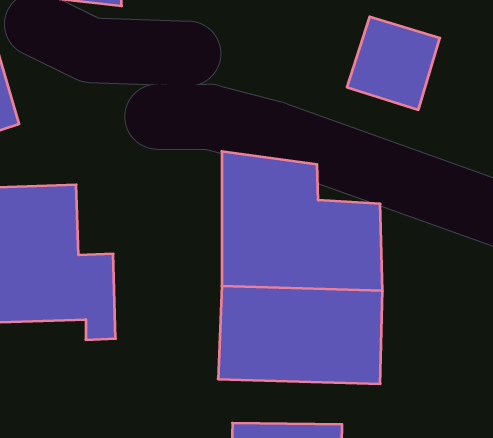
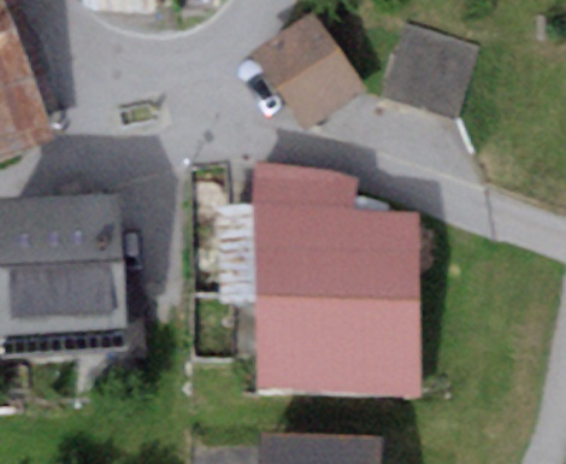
building: none -> [254,12,365,127]

